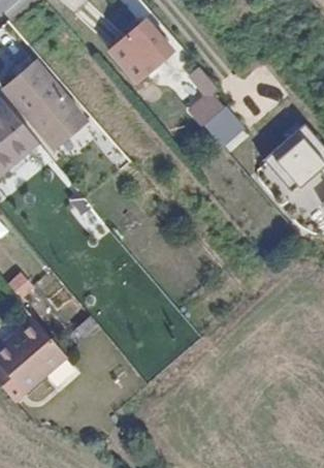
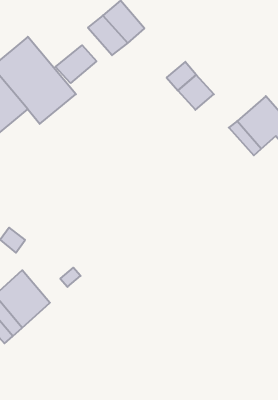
building: none -> [55,45,96,83]

